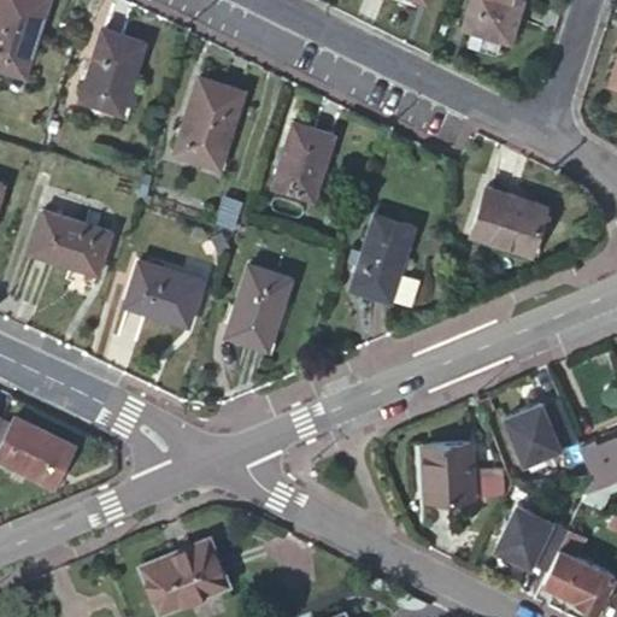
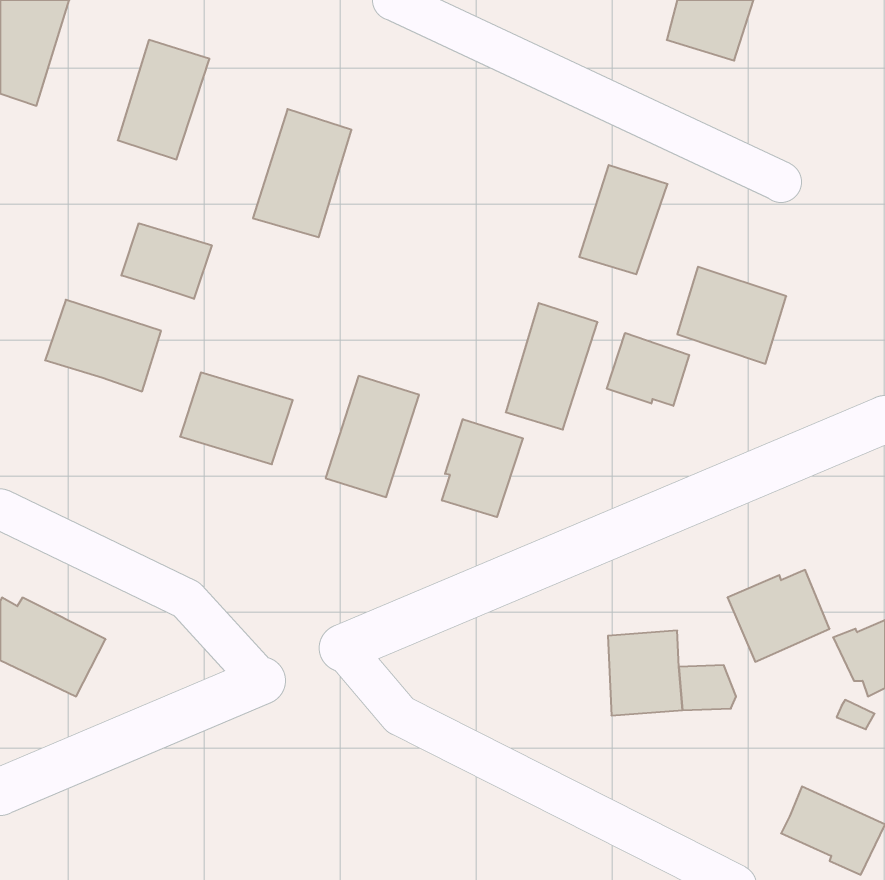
building: [272,124,334,200] -> [579,165,668,274]
building: none -> [121,223,212,299]
building: none -> [607,333,689,406]
building: none -> [442,419,523,517]
building: [496,506,569,571] -> none
building: [142,541,225,611] -> none

